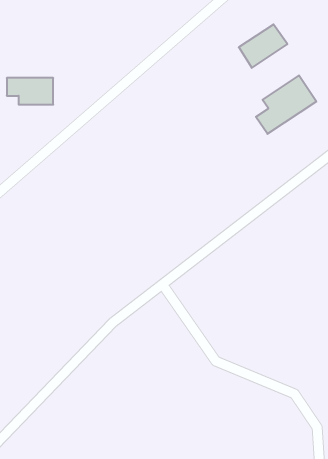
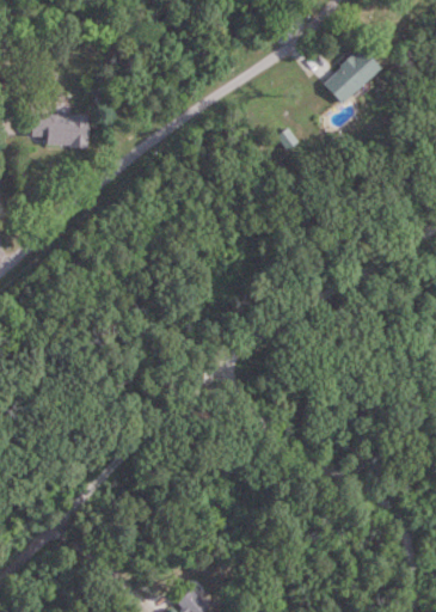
building: [256,75,316,134] -> none

